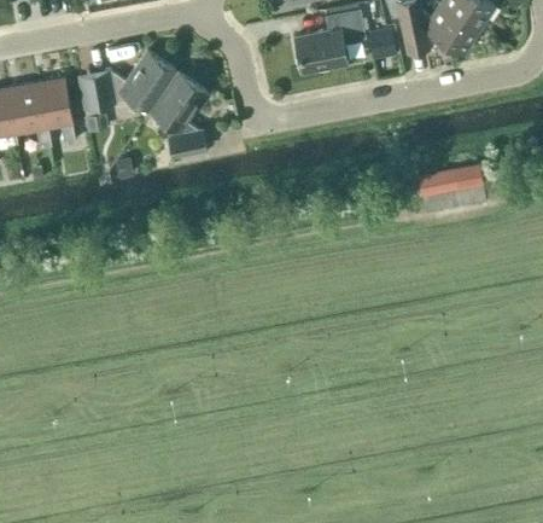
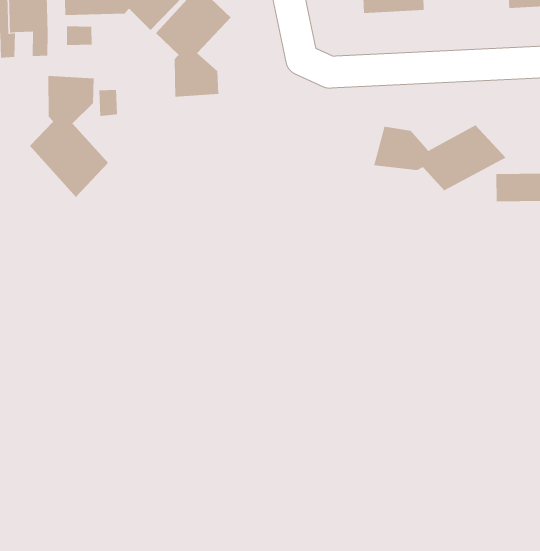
building: none -> [373,125,507,191]
building: none -> [29,75,109,198]

